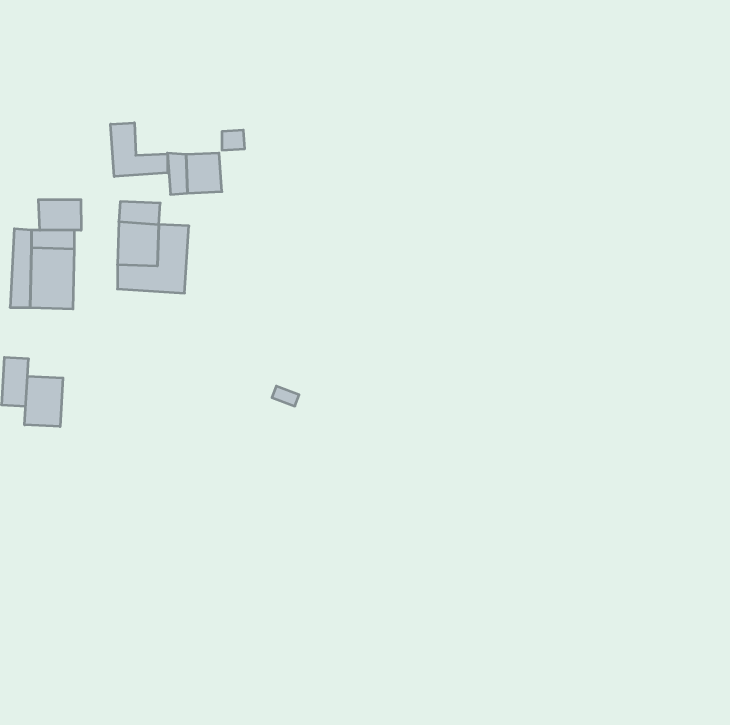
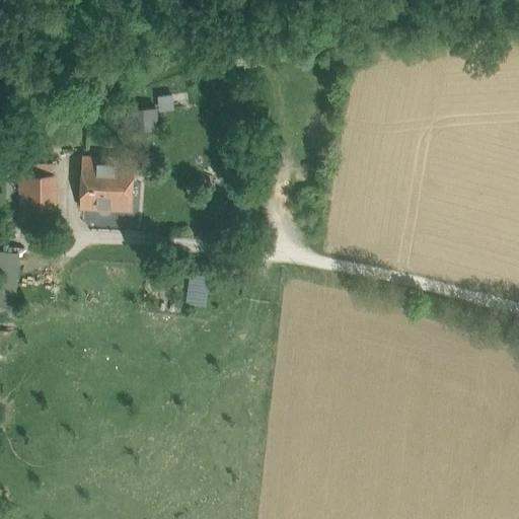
building: [111,123,168,177] -> none
building: [38,200,81,230] -> none
building: [25,376,63,427] -> none

